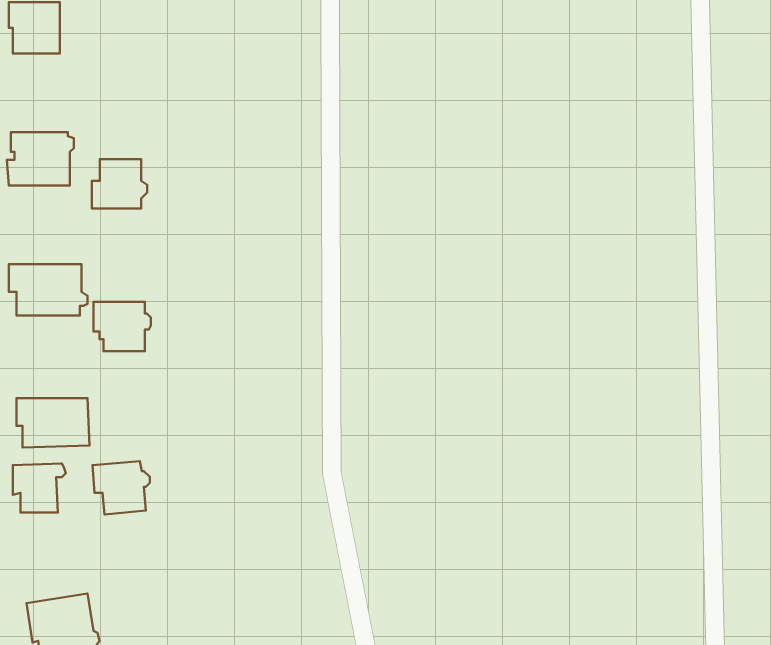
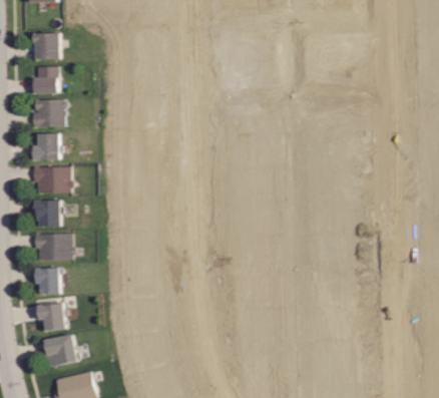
building: none -> [33,66,57,92]
building: [92,159,147,208] -> [35,133,63,158]
building: [94,302,151,351] -> [32,201,61,226]
building: [93,461,150,514] -> [37,303,66,330]

